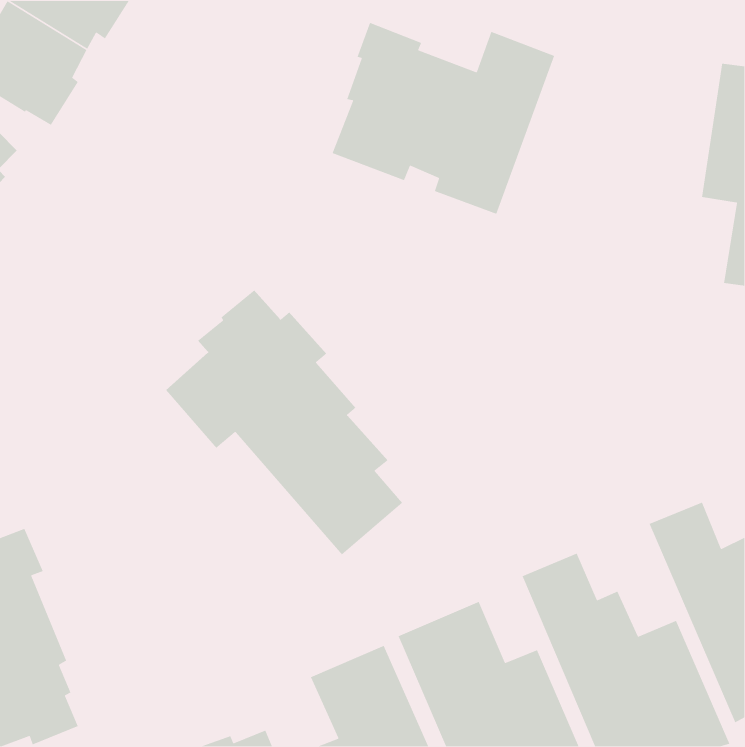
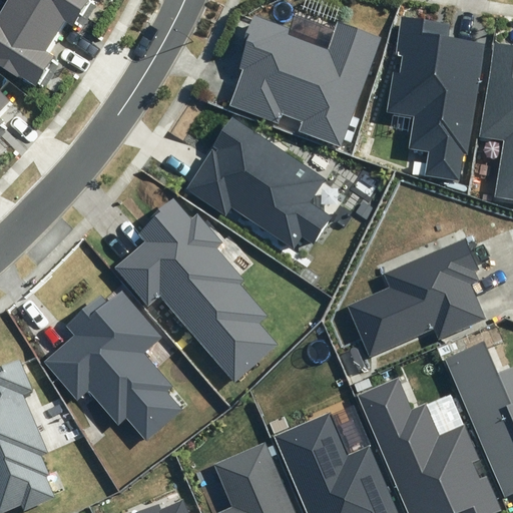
building: none -> [385,18,486,180]
building: none -> [185,118,332,247]
building: none -> [346,238,486,358]
building: none -> [43,291,181,441]

